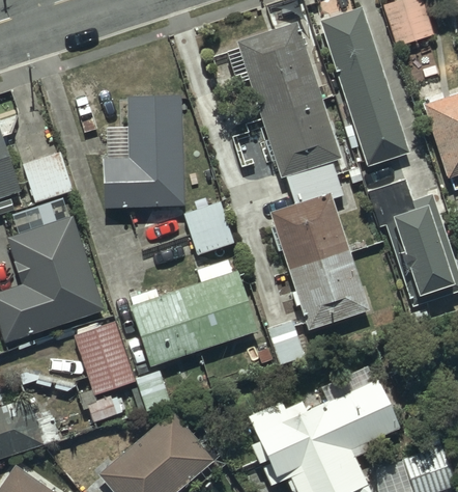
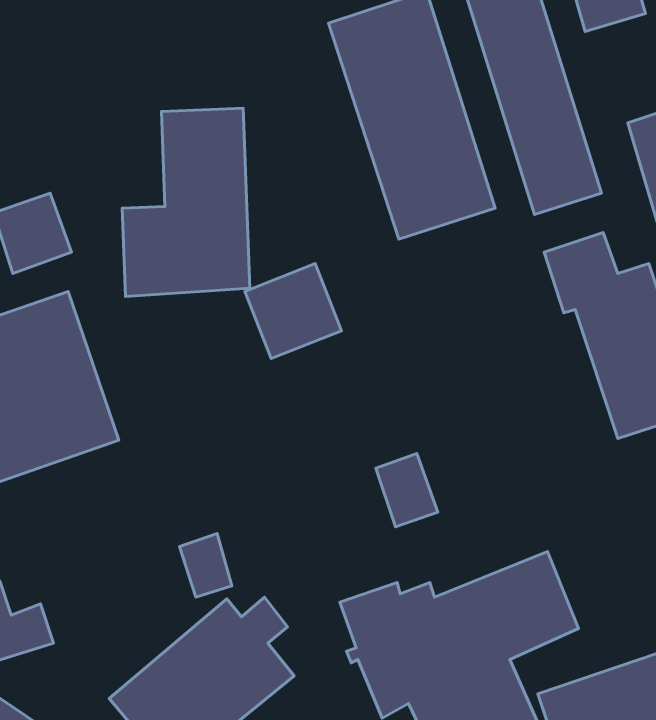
building: [276,196,375,333] -> none
building: [132,257,259,365] -> none
building: [73,320,134,420] -> none

